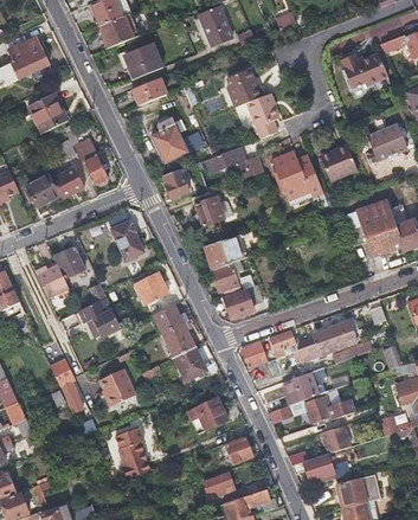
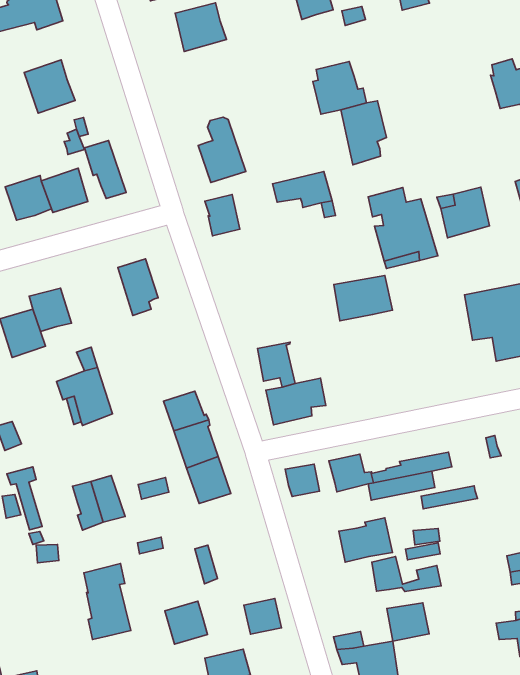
building: [131,78,166,105] -> none
building: [192,188,224,227] -> none
building: [204,236,245,270] -> [334,275,392,321]
building: [135,272,168,303] -> none
building: [195,397,226,428] -> [165,601,208,644]

